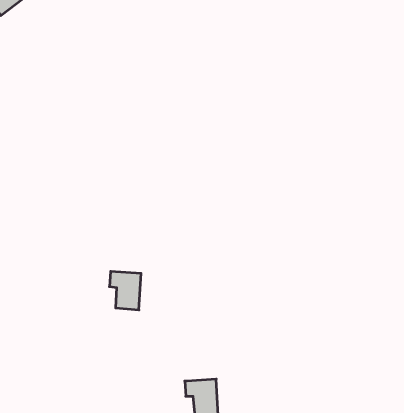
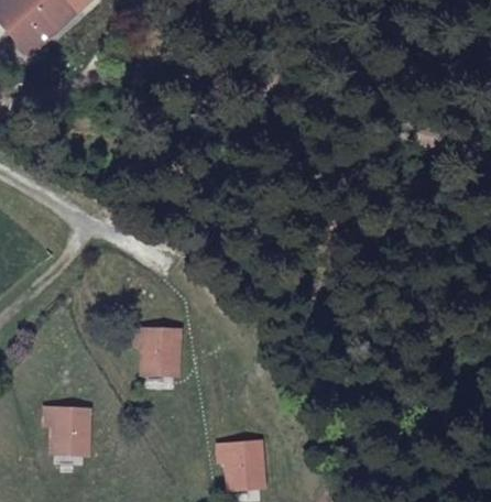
building: none -> [51,407,85,447]

